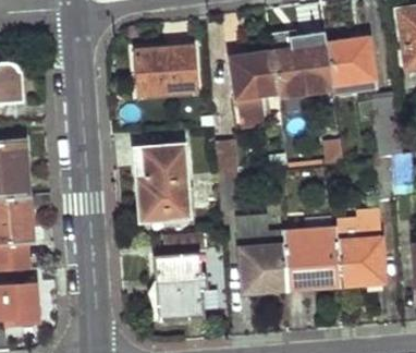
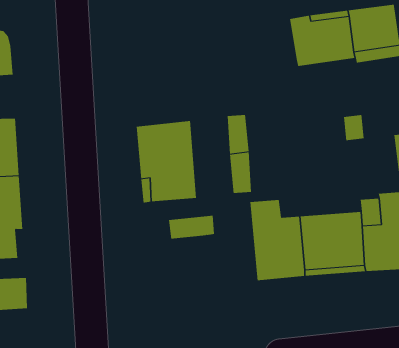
building: [135,45,196,95] -> none
building: [232,51,280,125] -> none
building: [154,253,208,319] -> none

